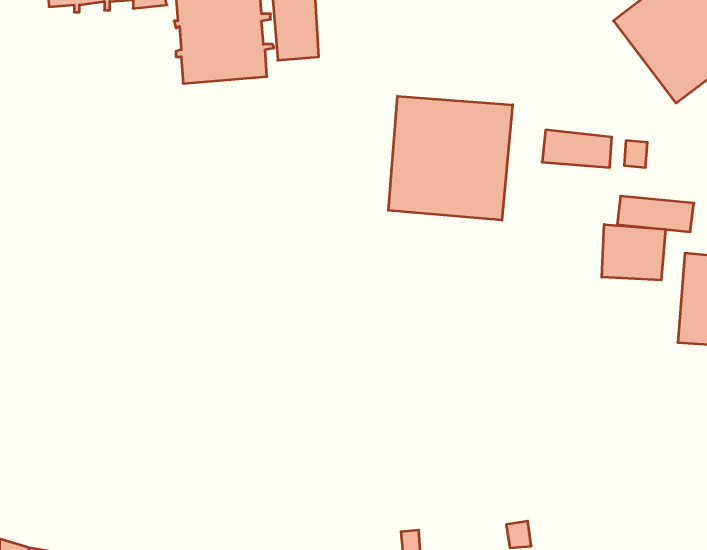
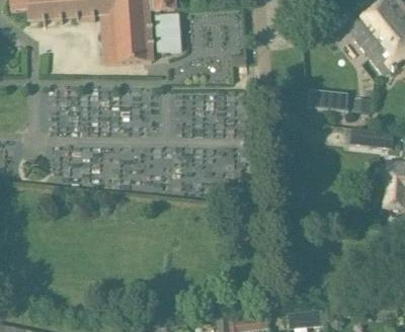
building: [388,96,513,220] -> none
building: [602,224,665,280] -> none

